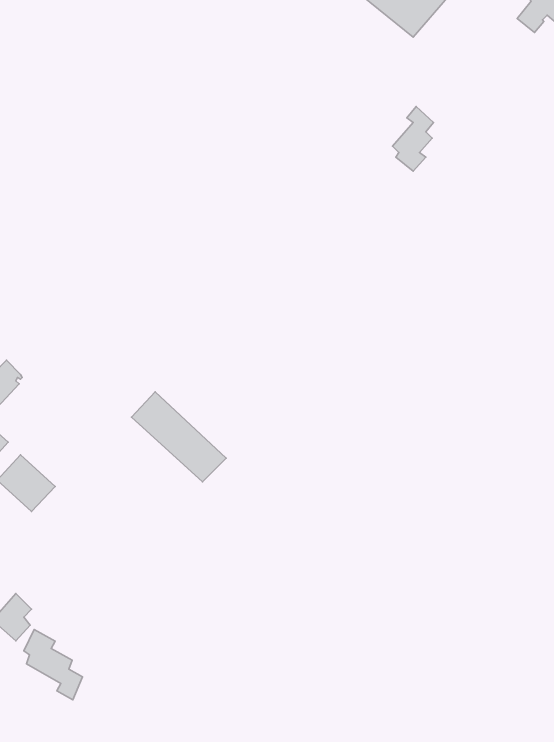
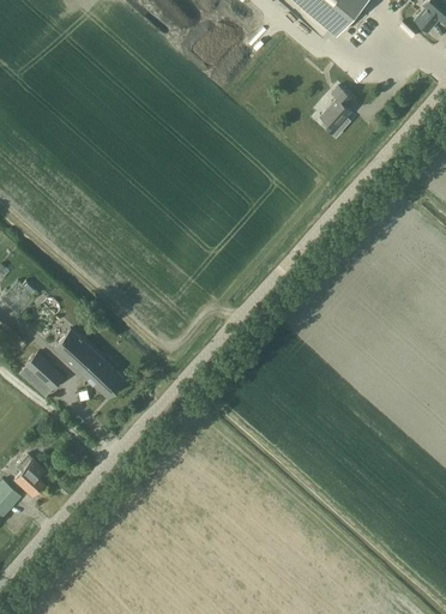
building: [132,392,226,482] -> [54,329,126,397]
building: [24,629,82,700] -> none

